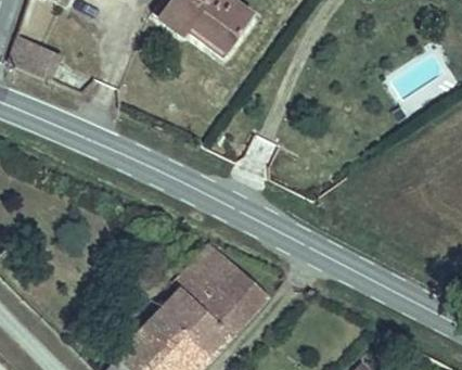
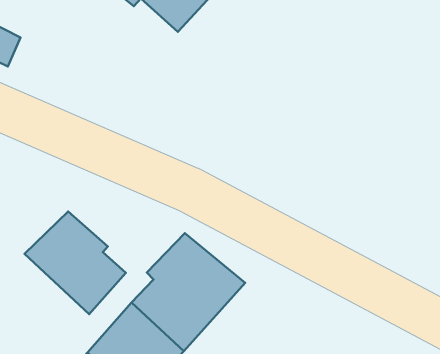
building: none -> [24,212,126,314]

